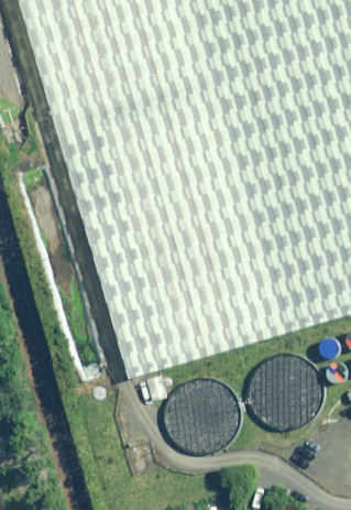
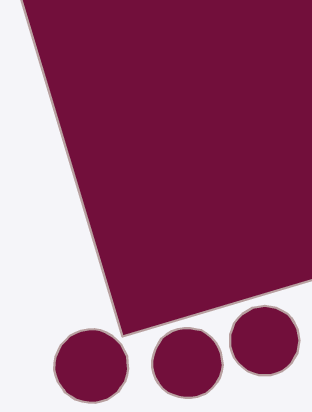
building: none -> [54,329,128,403]

